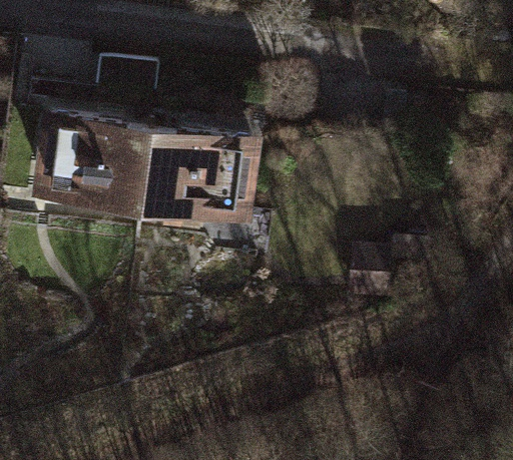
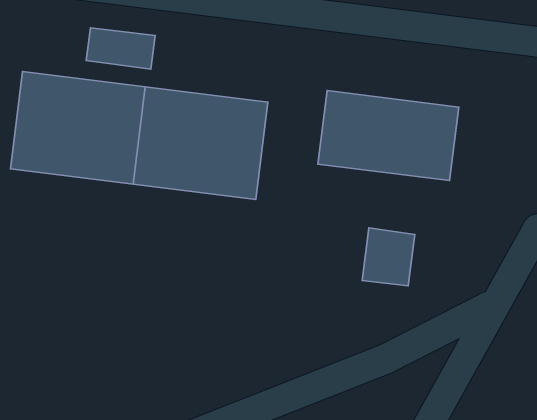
building: none -> [318,91,459,181]

